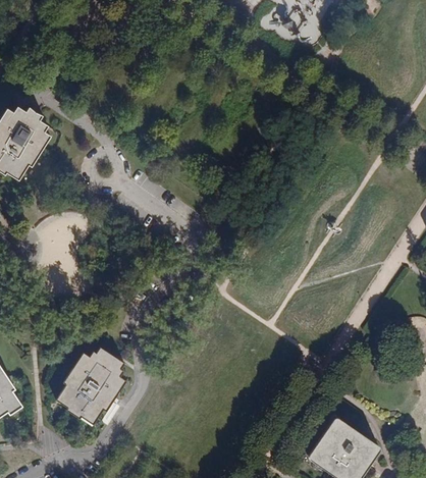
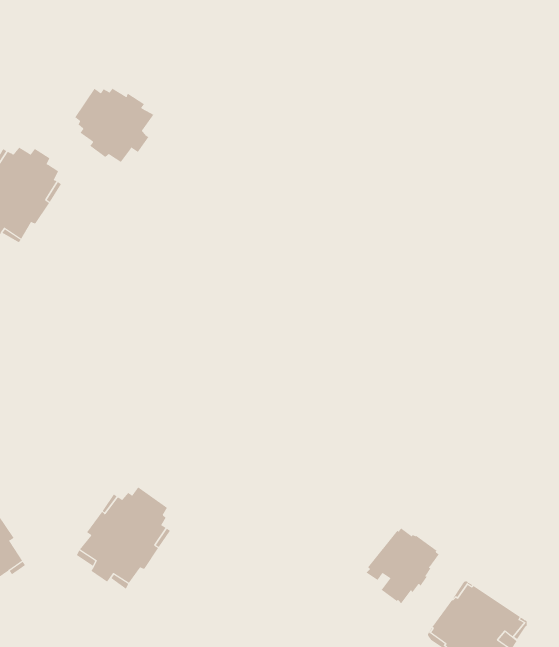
building: none -> [75,88,154,163]
building: none -> [365,528,439,604]

